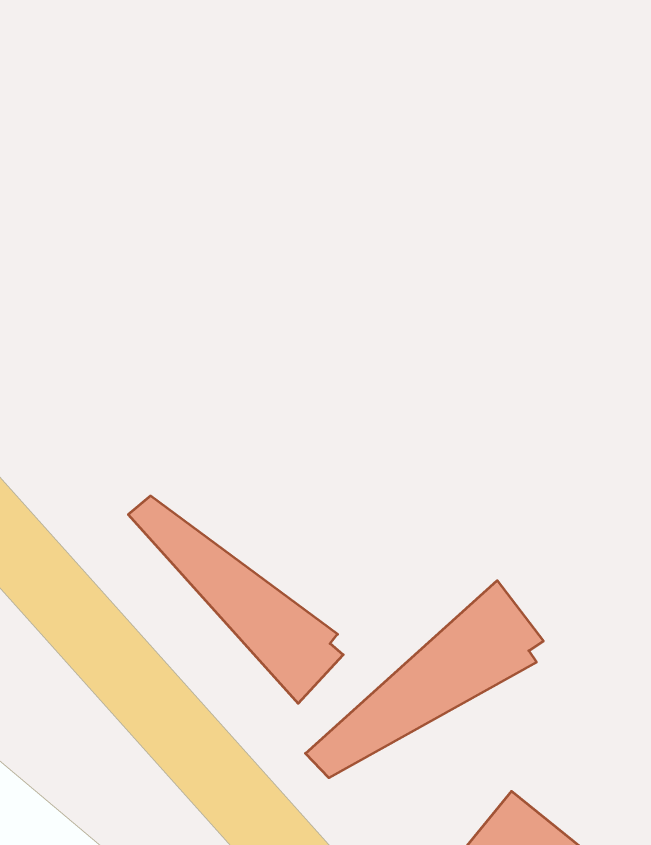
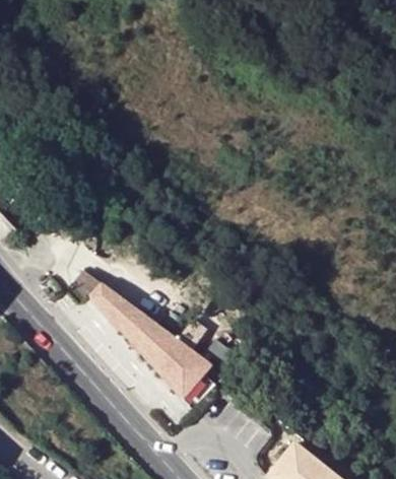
building: [305,581,543,778] -> none

